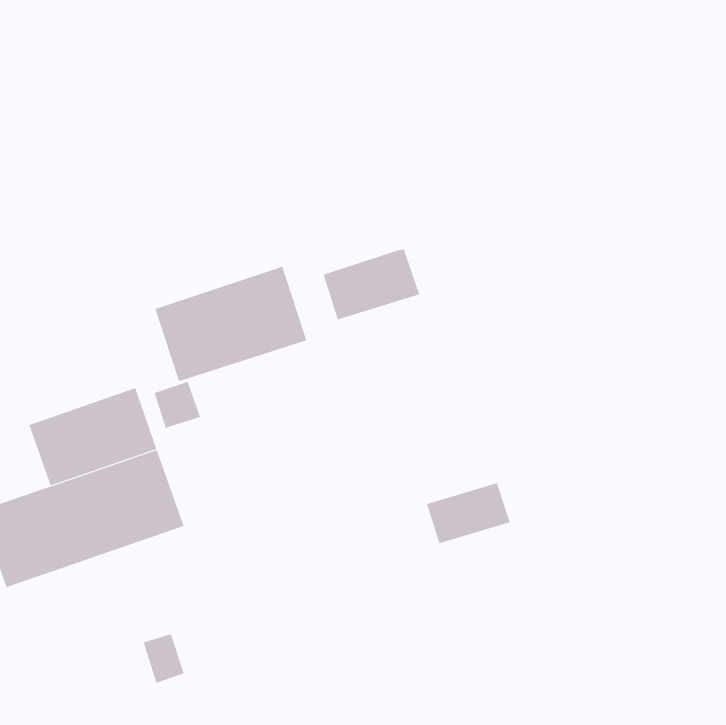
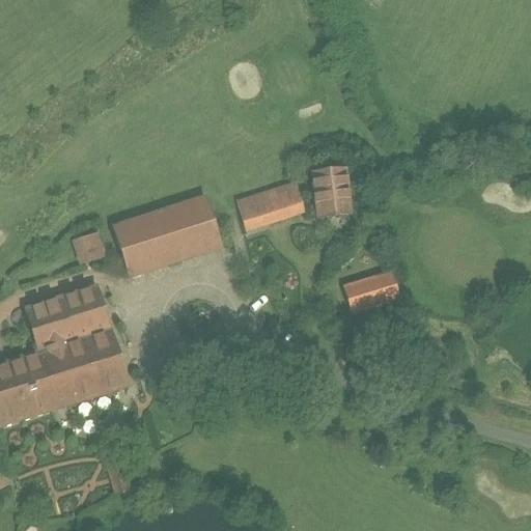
building: none -> [311,166,356,219]
building: [154,381,201,428] -> [72,231,106,266]
building: [426,482,510,544] -> [339,270,400,314]

